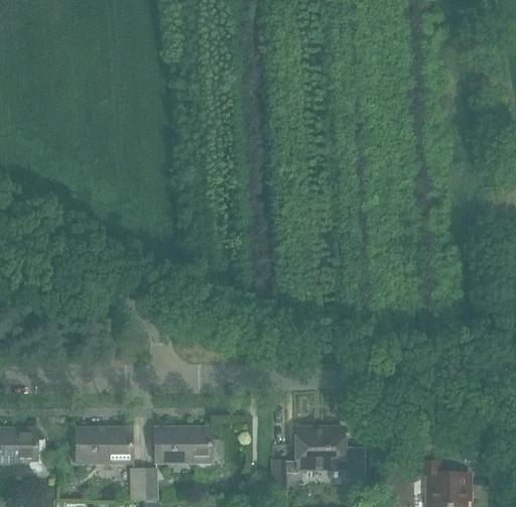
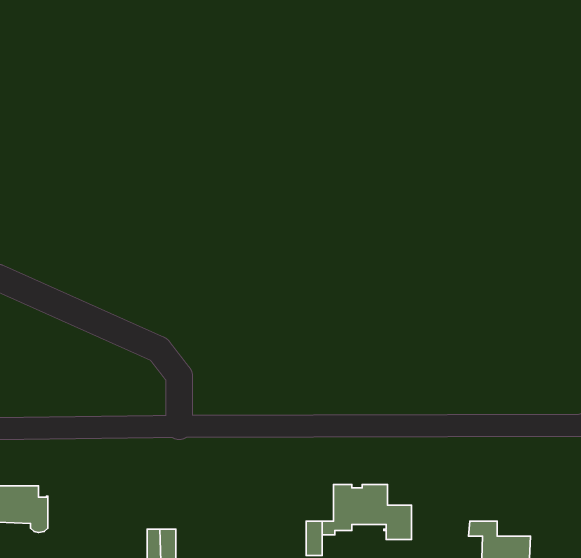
building: [77,429,131,461] -> none
building: [155,429,223,463] -> none

